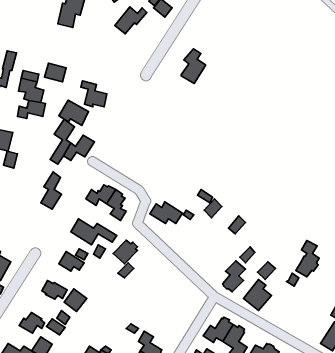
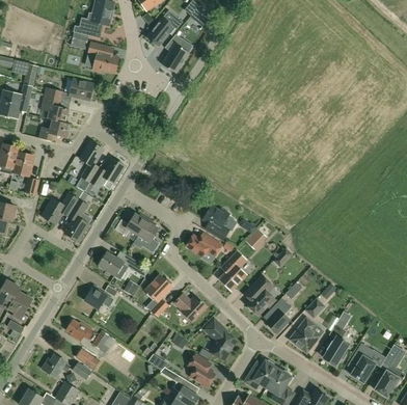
building: [181,49,206,83] -> [162,34,189,73]
building: [81,81,107,107] -> [89,43,118,72]
building: [59,100,89,125] -> none
building: none -> [43,193,79,223]
building: none -> [204,205,229,239]
building: none -> [220,250,246,289]
building: [296,240,319,277] -> [323,324,349,364]
building: none -> [245,275,275,314]
building: none -> [174,293,207,321]
building: none -> [205,318,236,359]
building: none -> [351,343,376,382]
building: none -> [189,353,215,386]

